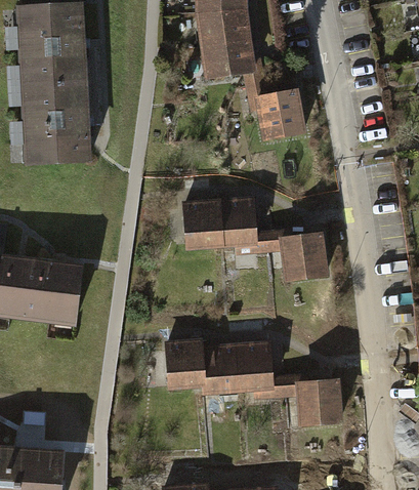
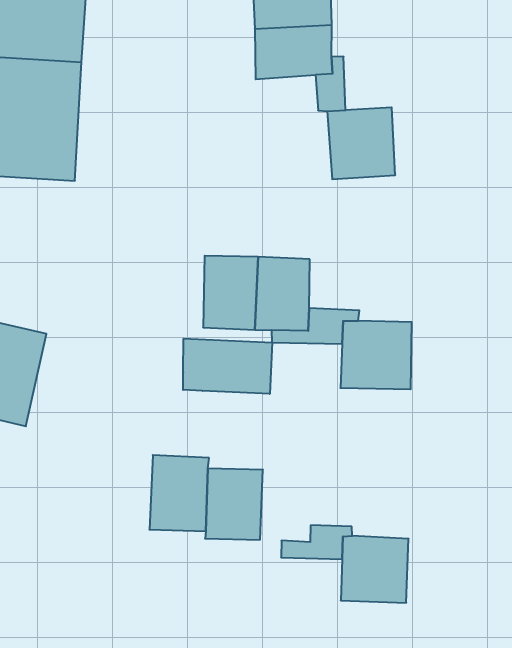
building: none -> [183,339,272,394]
building: [237,341,274,391] -> none

